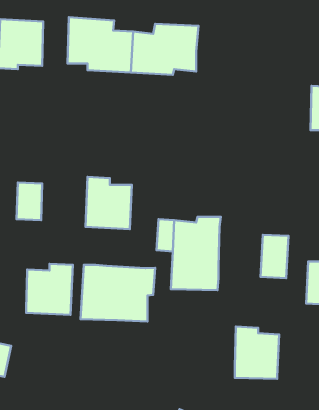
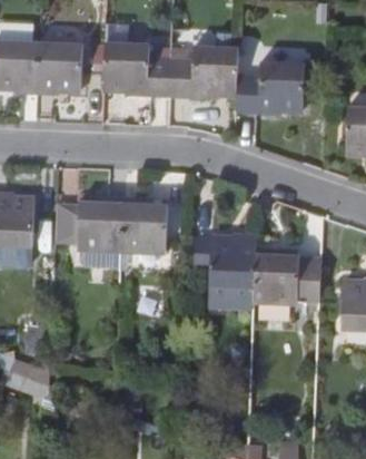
building: none -> [234,62,301,114]
building: [26,264,73,315] -> [79,199,126,251]
building: [80,265,155,322] -> none
building: [235,327,279,379] -> [257,251,301,303]

